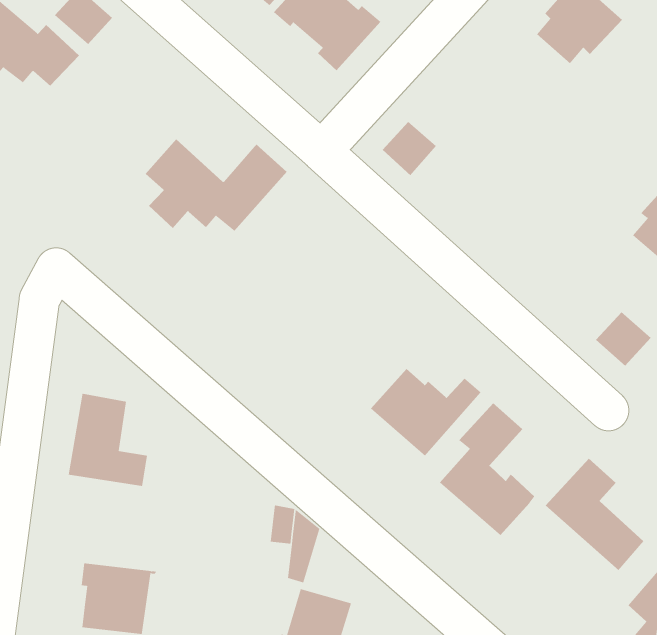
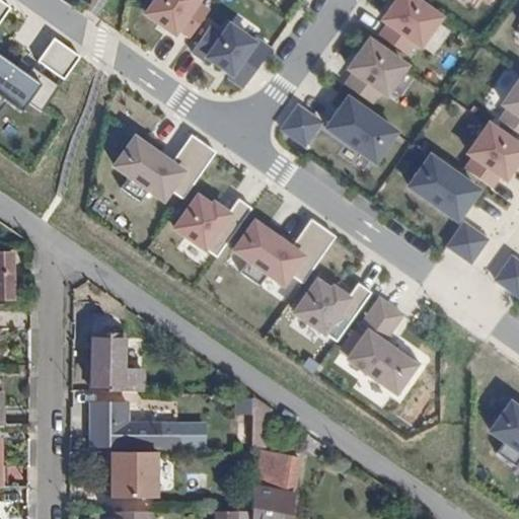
building: none -> [347,41,405,102]
building: none -> [327,98,396,161]
building: none -> [410,156,478,219]
building: none -> [176,197,252,257]
building: none -> [235,219,337,286]
building: [545,458,644,571] -> none
building: none -> [86,396,200,445]

